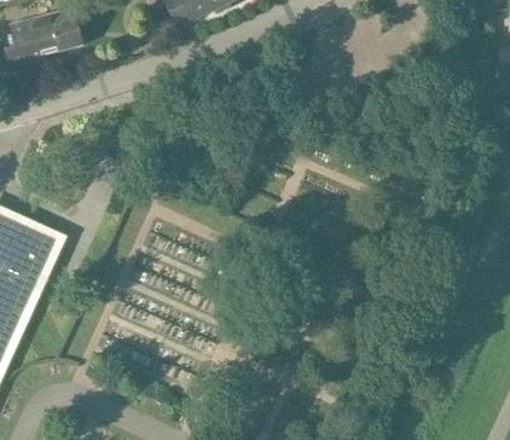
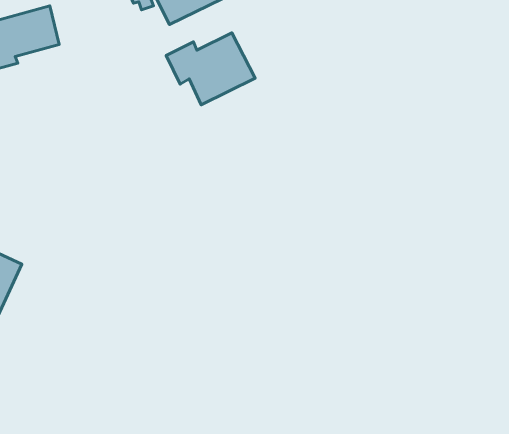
building: none -> [166,33,255,105]

